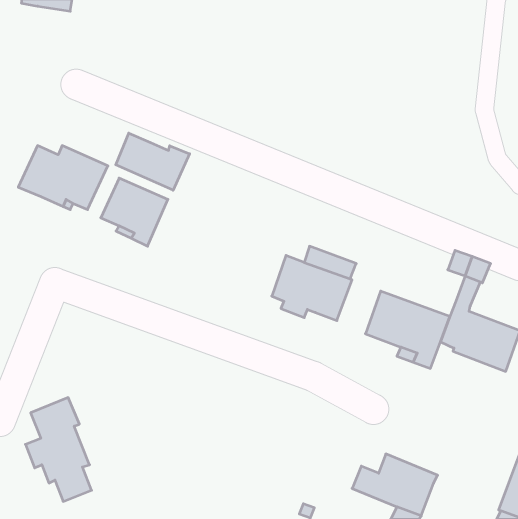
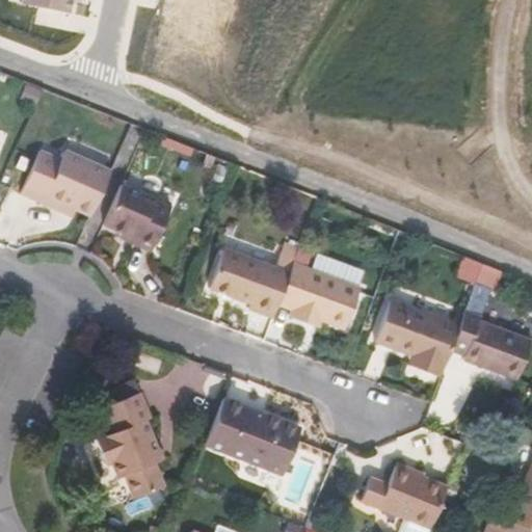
building: [116,133,190,190] -> none
building: none -> [209,241,300,317]
building: none -> [206,397,301,474]
building: [25,398,92,501] -> [97,391,164,497]

